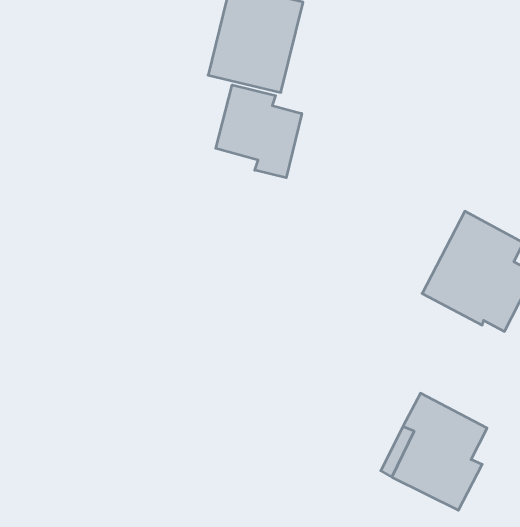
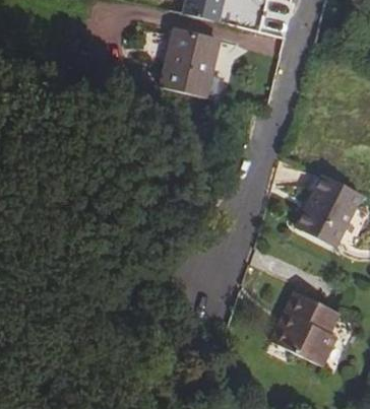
building: [216,85,302,178] -> none

